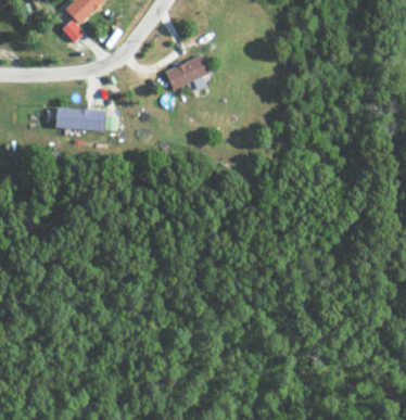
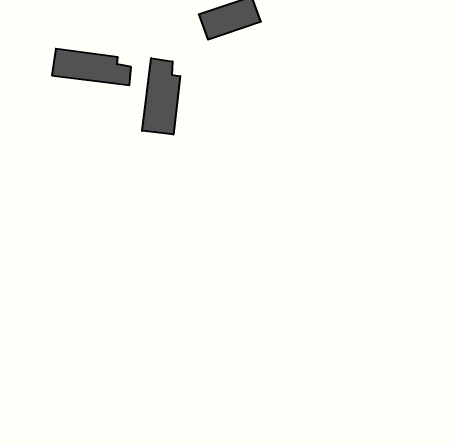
building: none -> [142,58,180,135]

